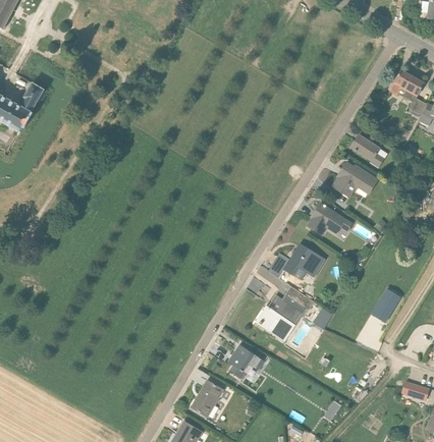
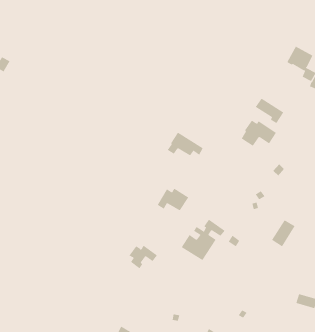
building: [307,203,352,233] -> [167,132,203,156]
building: [284,247,325,277] -> [157,188,189,211]
building: [227,348,264,379] -> [129,245,158,269]
building: [192,380,223,417] -> none

